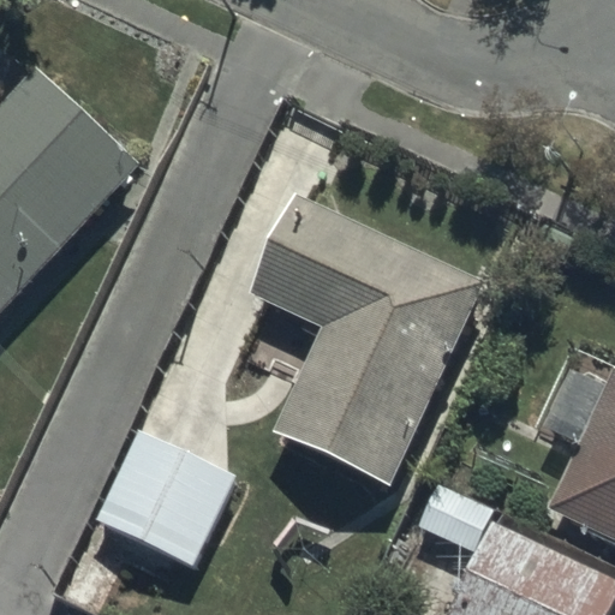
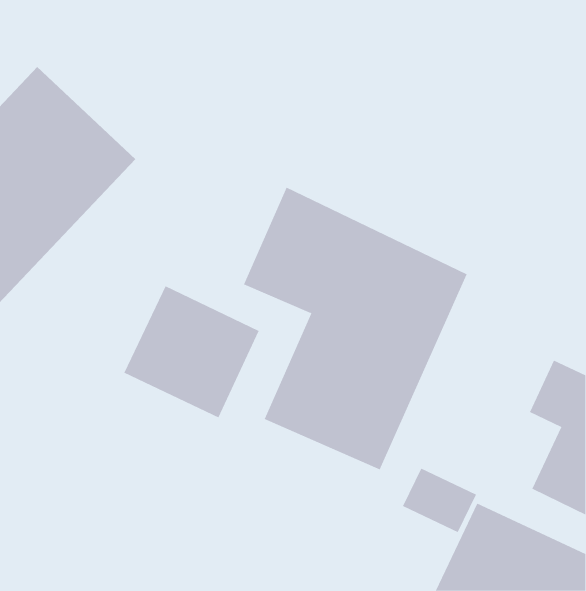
building: [96,429,237,566] -> [123,286,259,418]

